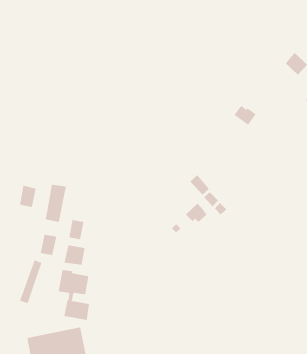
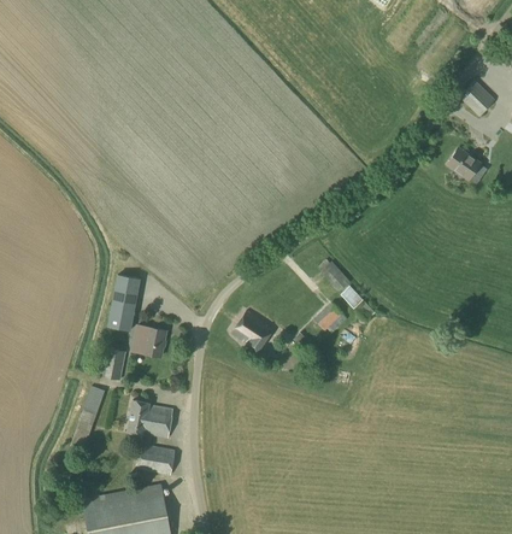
building: [234,105,257,126] -> [447,149,481,180]
building: [19,185,36,208] -> none
building: none -> [231,311,275,353]
building: [64,244,85,266] -> none

